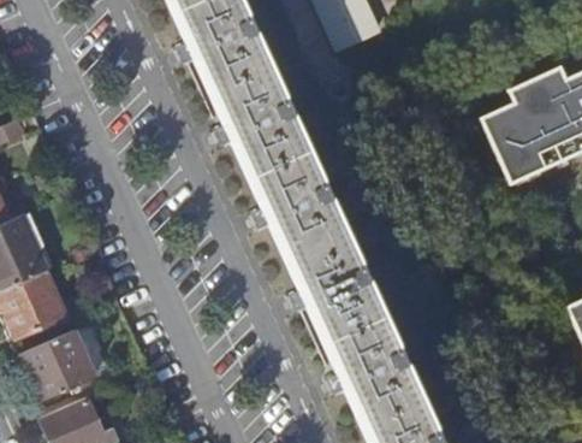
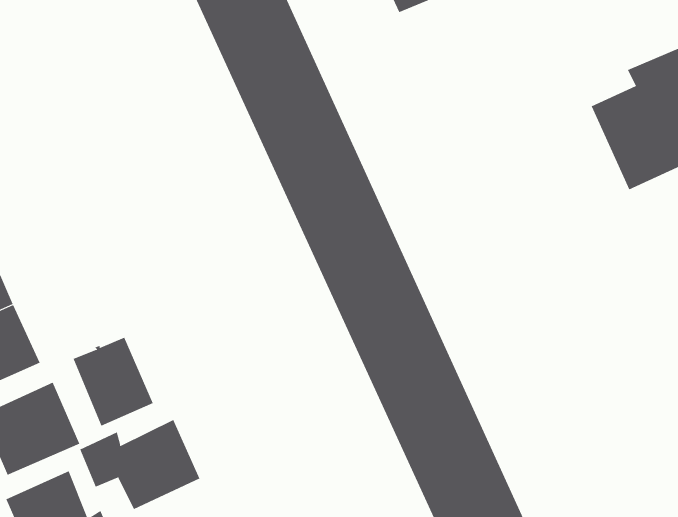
building: none -> [73,337,154,427]
building: none -> [80,419,200,510]

